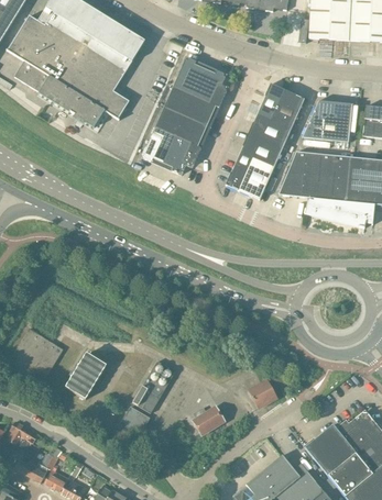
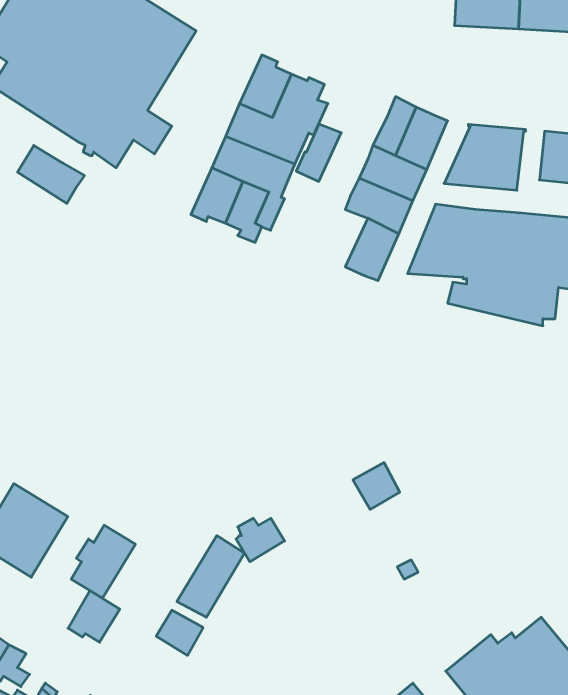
building: none -> [18,145,84,203]
building: [225,154,253,190] -> [296,124,341,181]
building: [248,379,277,409] -> [353,463,400,509]
building: none -> [68,591,120,642]
building: [192,407,222,434] -> [236,518,285,562]

